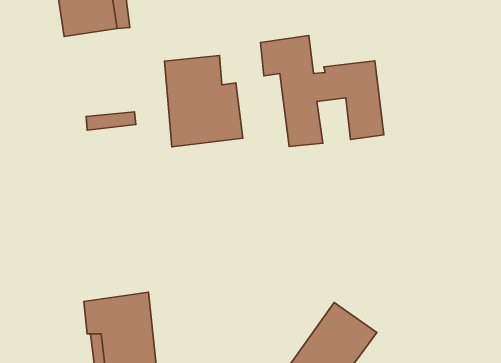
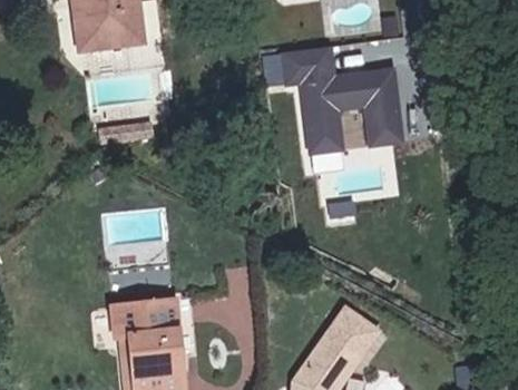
building: [165,56,243,147] -> none

